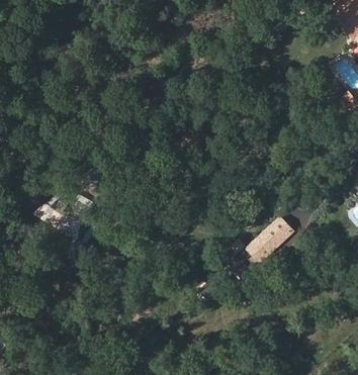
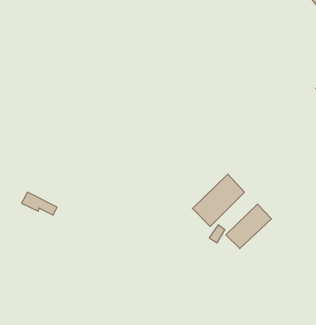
building: none -> [192,174,244,226]

